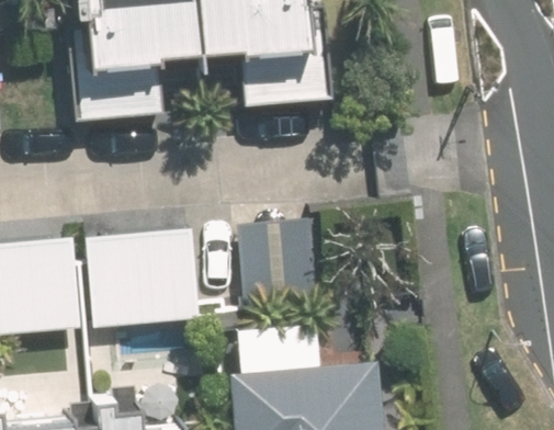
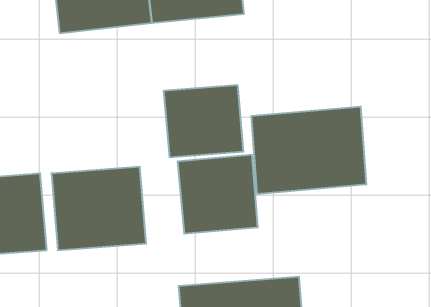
building: none -> [164,85,243,157]
building: none -> [252,106,366,194]

